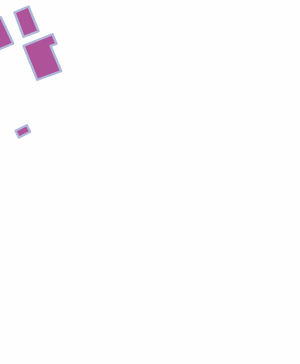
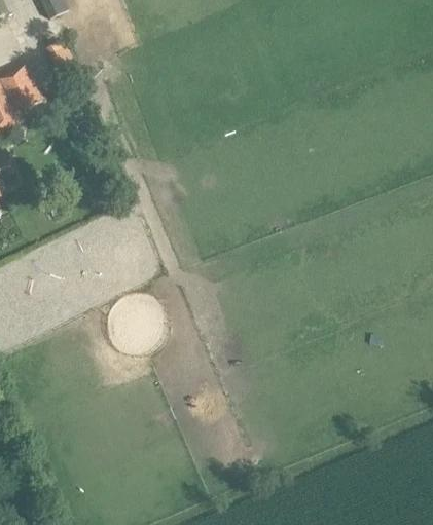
building: [23,34,61,80] -> none

